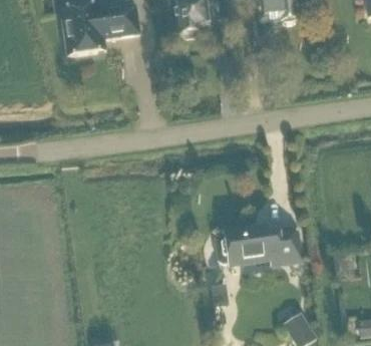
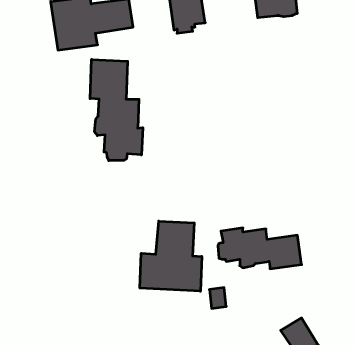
building: none -> [90,59,143,161]
building: none -> [140,221,202,291]

